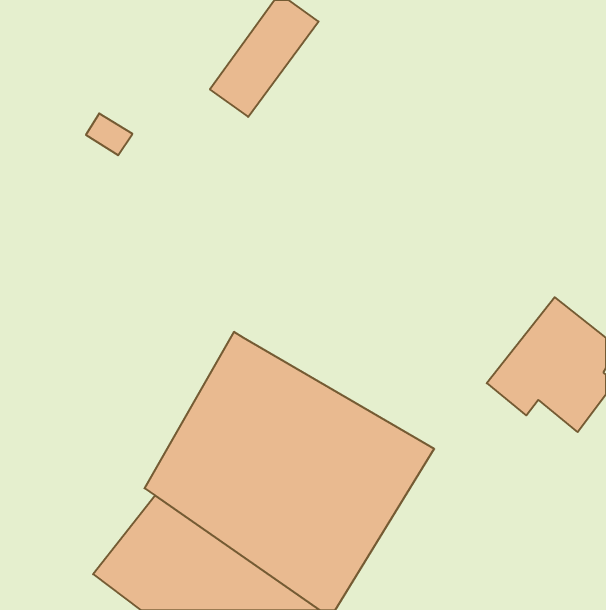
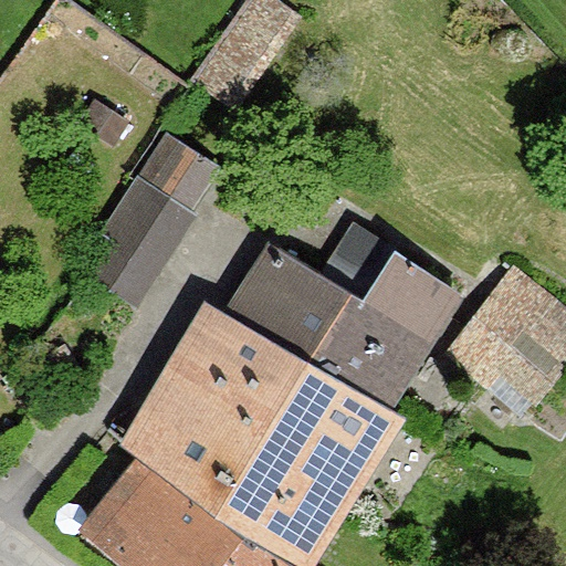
building: none -> [87,130,212,300]
building: none -> [226,229,460,409]

